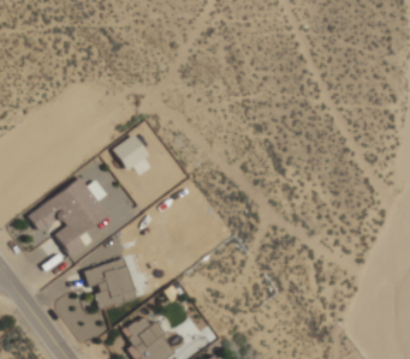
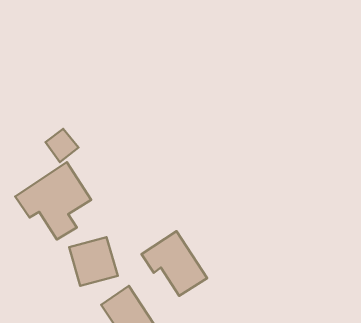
building: [113,136,149,172] -> [45,129,79,162]
building: none -> [142,231,207,296]

